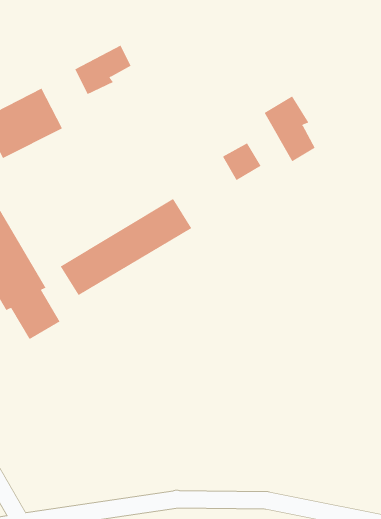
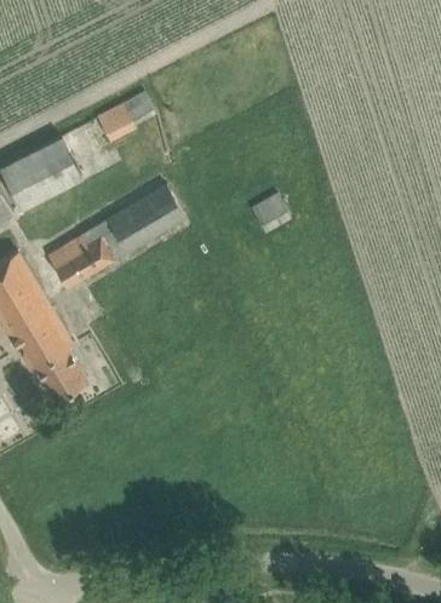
building: [264,95,315,162] -> none
building: [60,198,192,296] -> [45,185,183,287]

